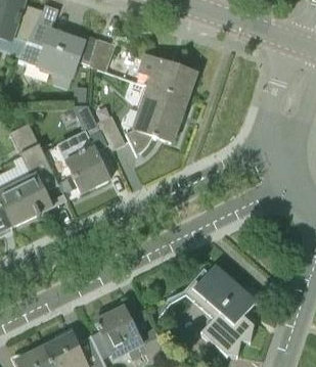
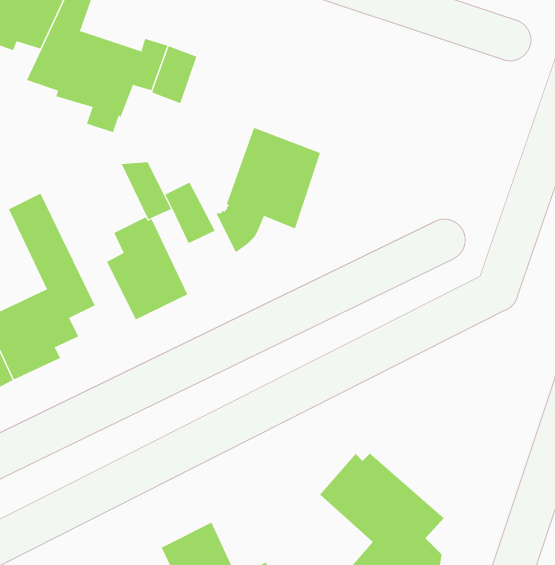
building: [140,55,194,99] -> none

